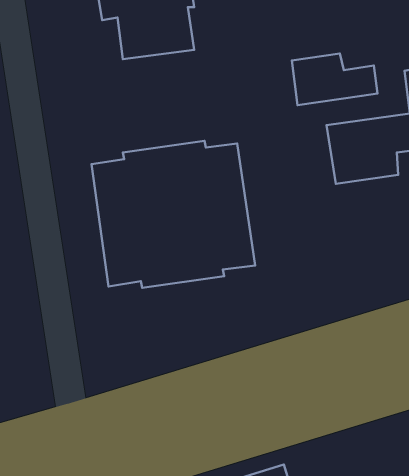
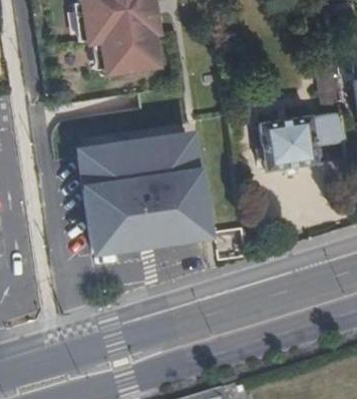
building: [292,54,378,105] -> none

